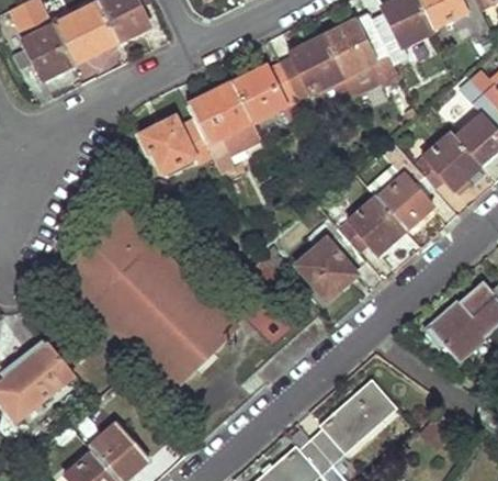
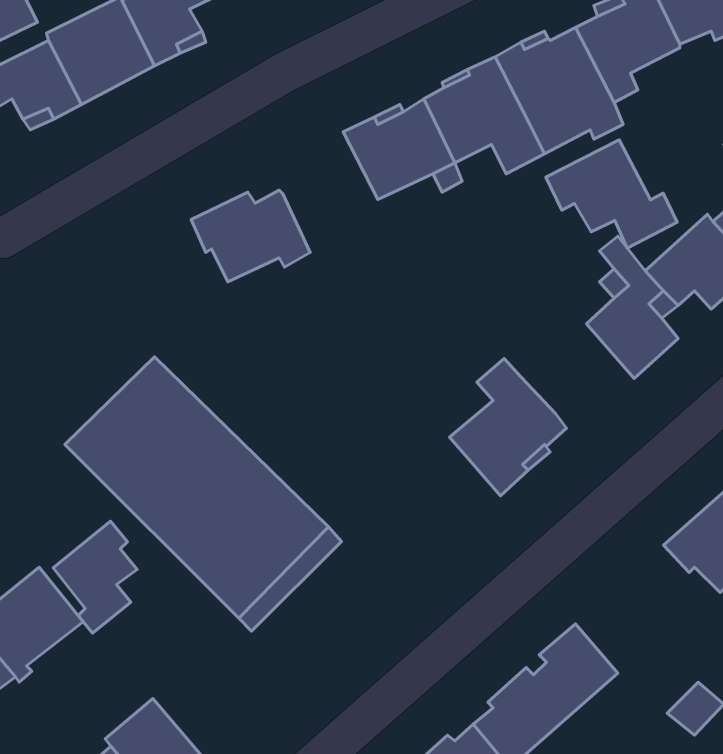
building: [189,81,262,172] -> none
building: none -> [546,140,677,248]
building: [339,194,407,254] -> none
building: none -> [53,521,137,633]

